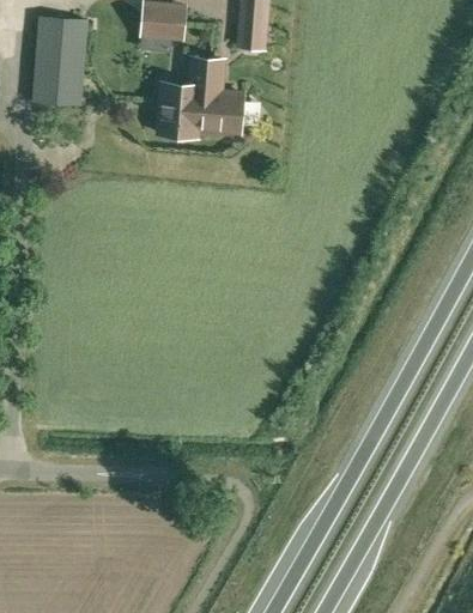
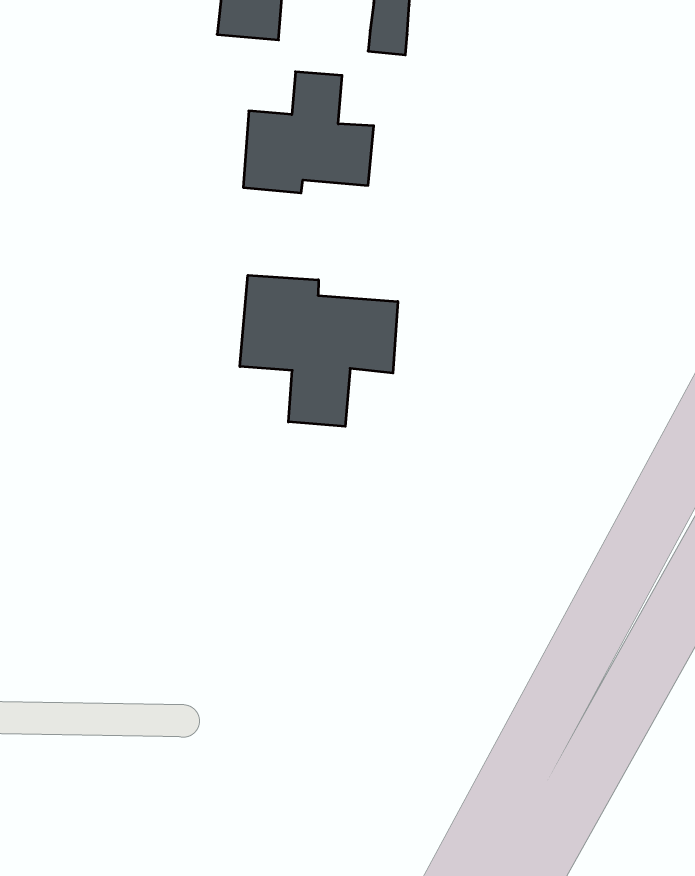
building: [34,17,86,105] -> none
building: none -> [240,275,398,426]

